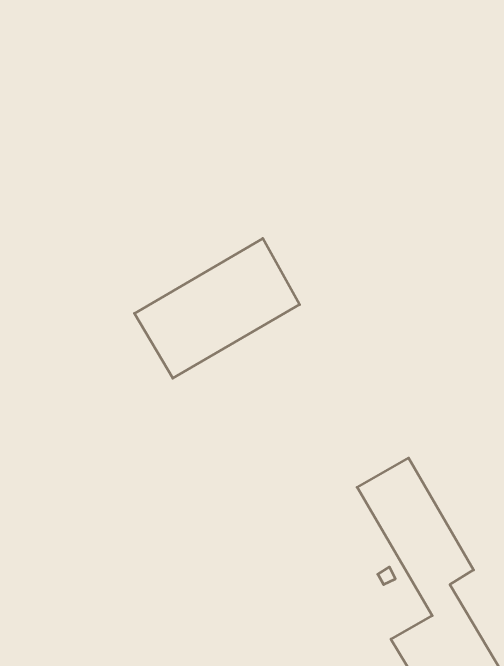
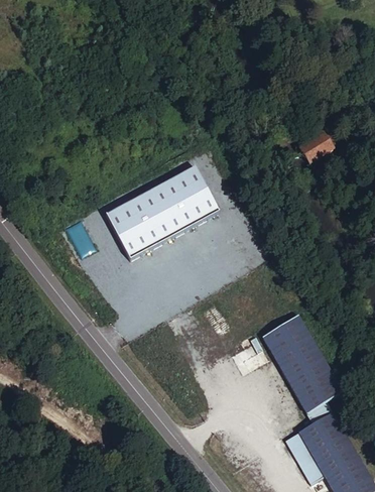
building: none -> [296,130,338,163]

